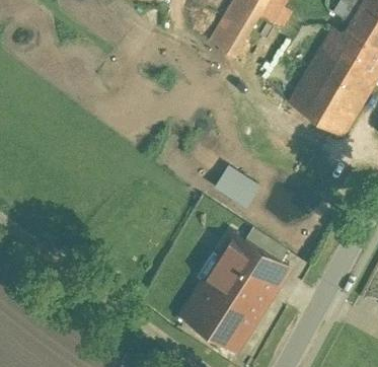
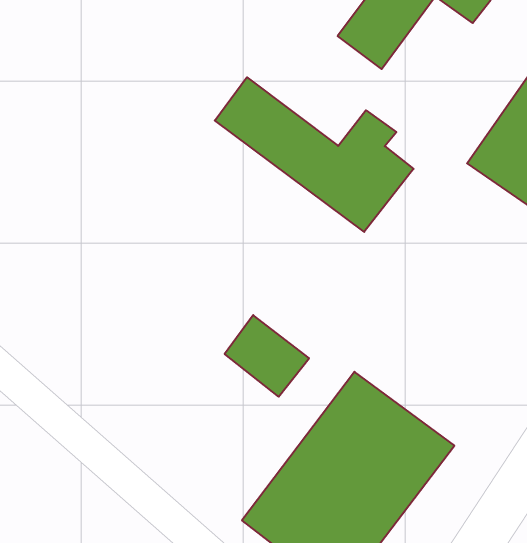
building: none -> [215,77,414,232]
building: [215,164,262,209] -> [225,315,309,397]

